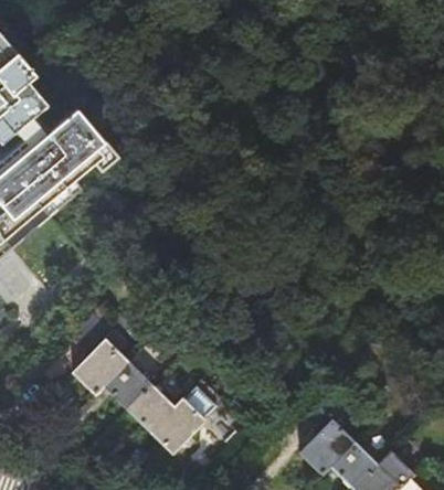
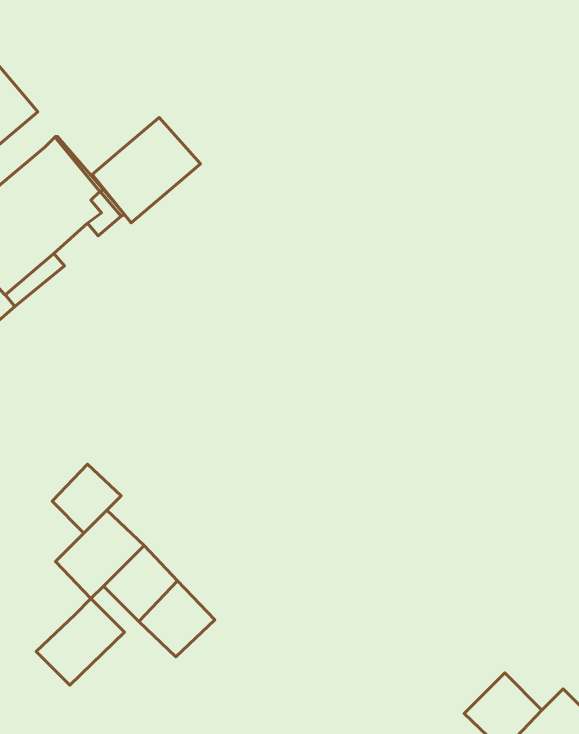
building: none -> [92,118,200,223]
building: [149,398,204,452] -> [36,599,125,685]
building: [298,420,355,475] -> none

